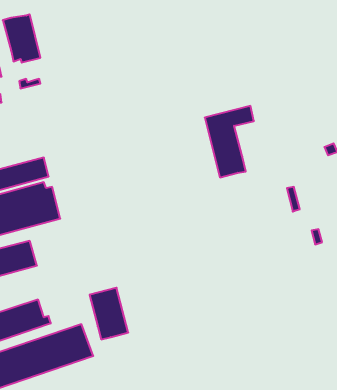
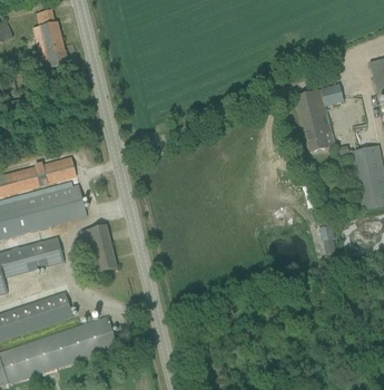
building: [205,106,254,177] -> [296,84,343,152]
building: [90,288,128,339] -> [80,224,117,273]

